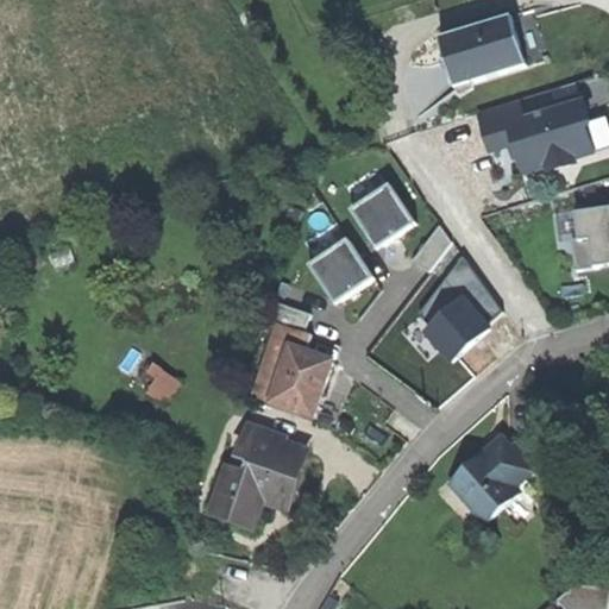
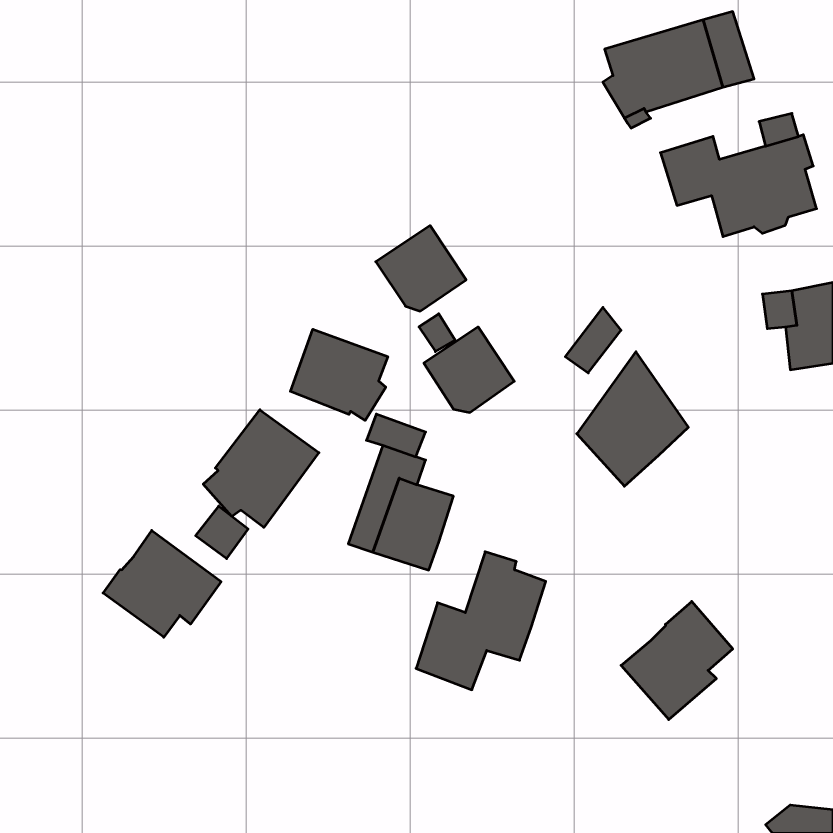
building: [349,182,414,244] -> [376,226,466,311]
building: none -> [290,329,388,420]
building: none -> [203,410,319,527]
building: none -> [103,530,221,637]
building: [209,428,303,528] -> [416,552,546,690]

